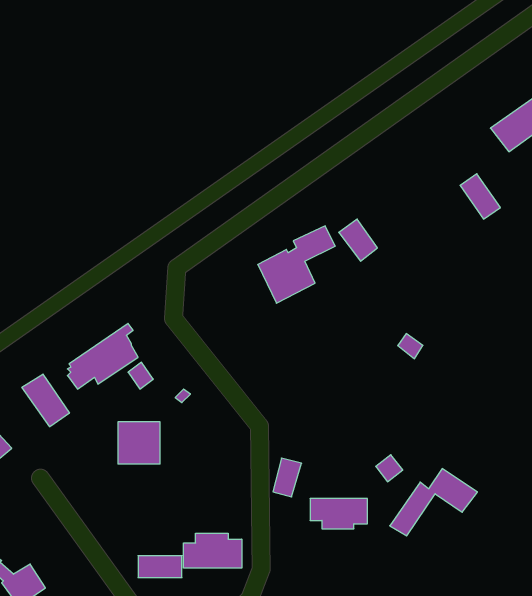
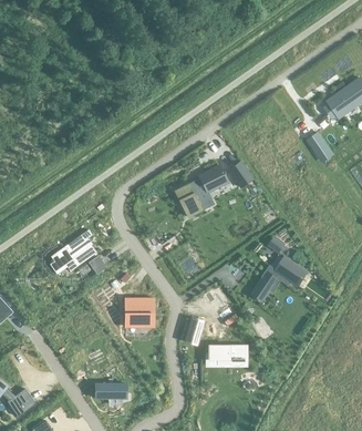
building: [22,374,69,427] -> none
building: [118,422,160,464] -> [125,298,153,326]
building: [390,469,477,536] -> [250,257,308,301]
building: [184,533,242,568] -> none

